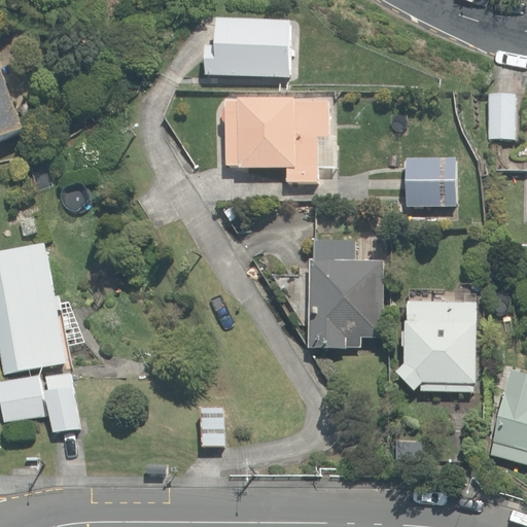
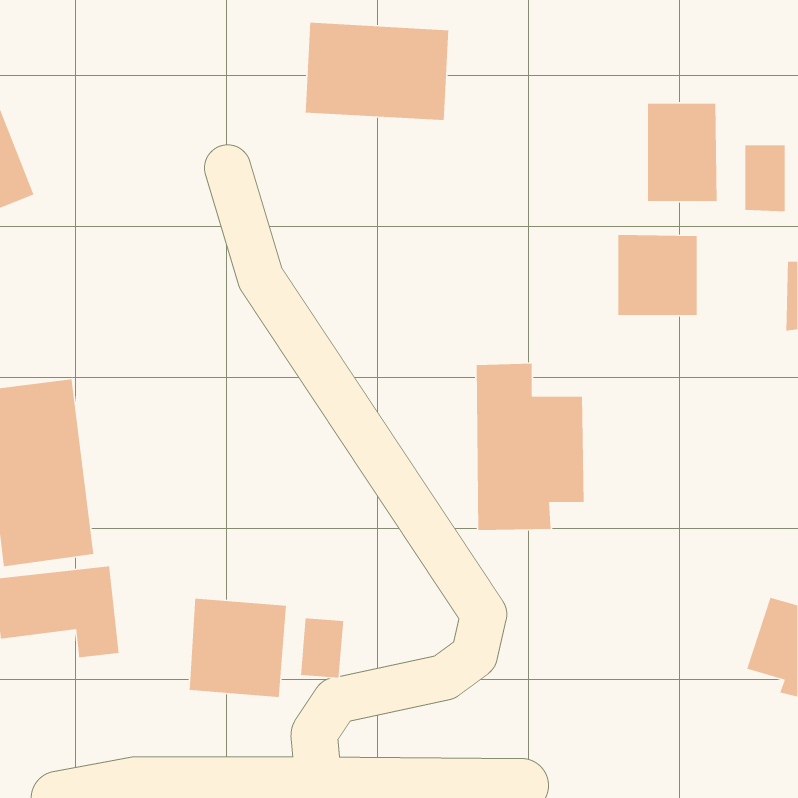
building: none -> [647,103,717,202]
building: [226,98,336,184] -> none
building: [395,301,479,390] -> none
building: none -> [189,598,287,698]

